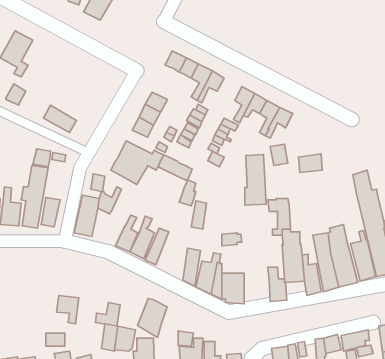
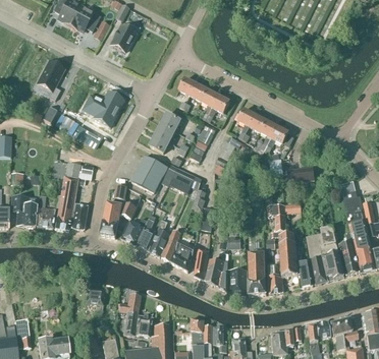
building: none -> [82,92,124,126]
building: [245,154,266,205] -> [248,251,266,295]
building: none -> [121,215,147,245]
building: [138,298,167,337] -> [170,238,196,272]

